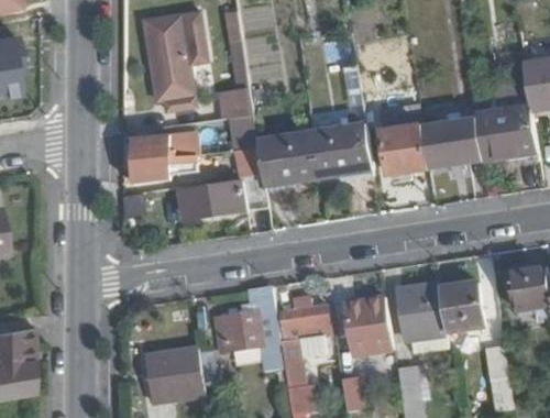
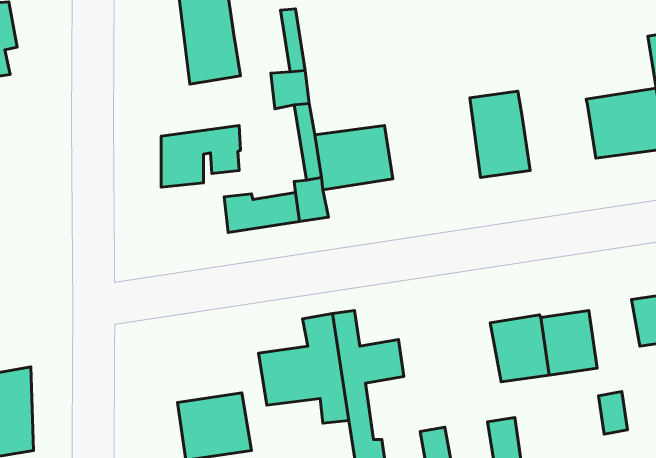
building: [422,117,482,169] -> none
building: [312,125,373,176] -> none
building: [342,297,391,355] -> none

